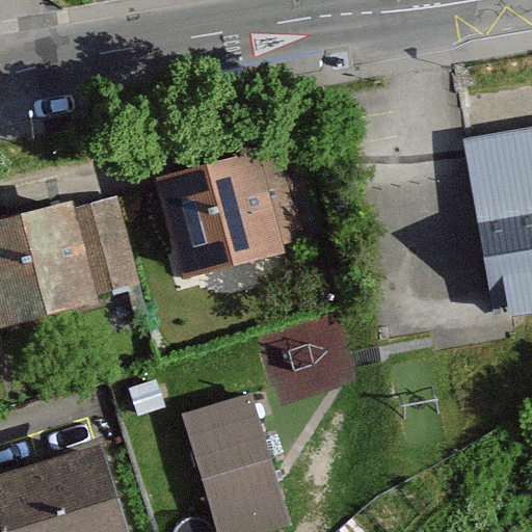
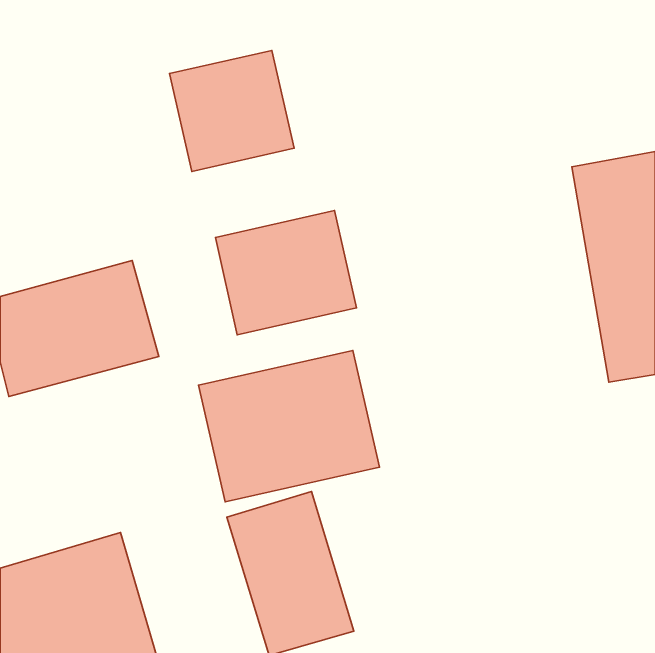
building: none -> [169,50,294,171]
building: none -> [199,350,380,502]

